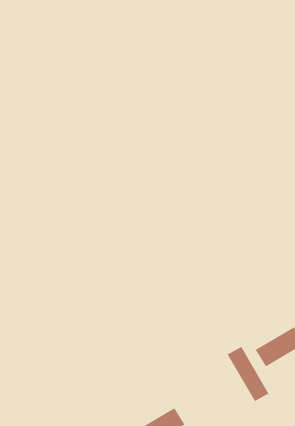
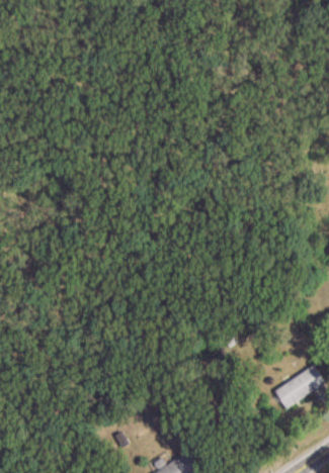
building: [227,346,269,402] -> none

